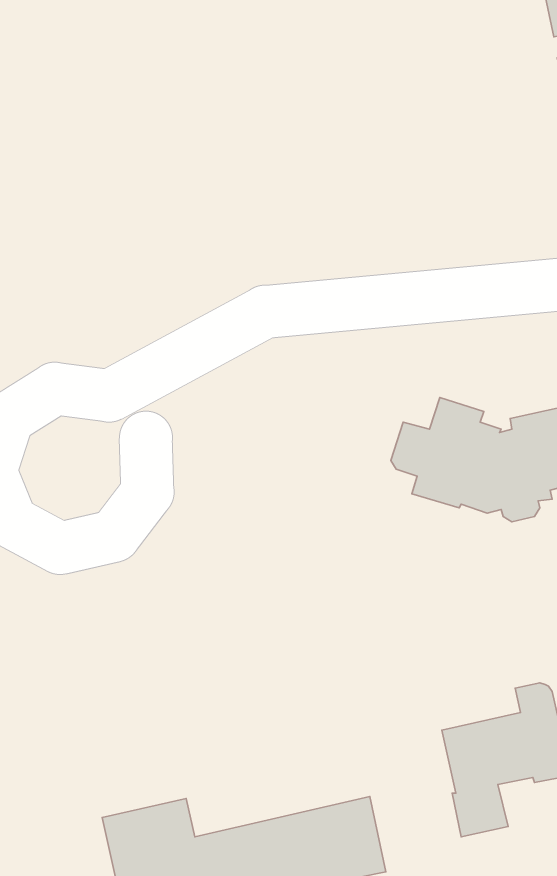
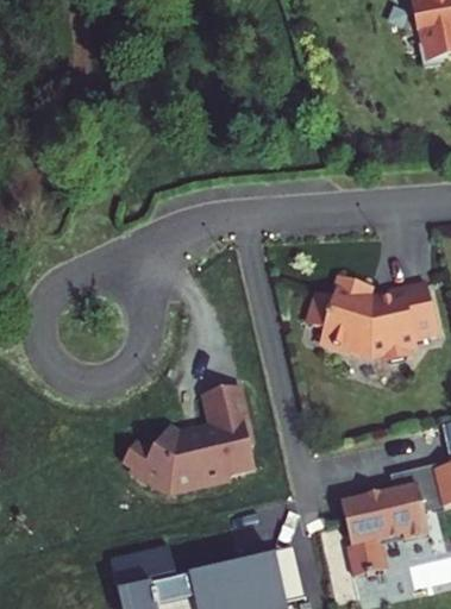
building: none -> [123,385,253,489]

